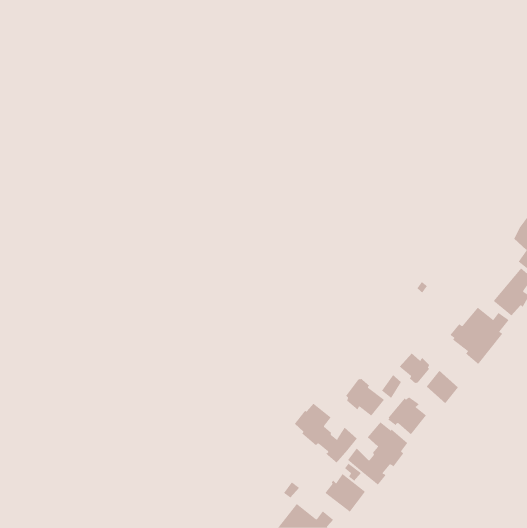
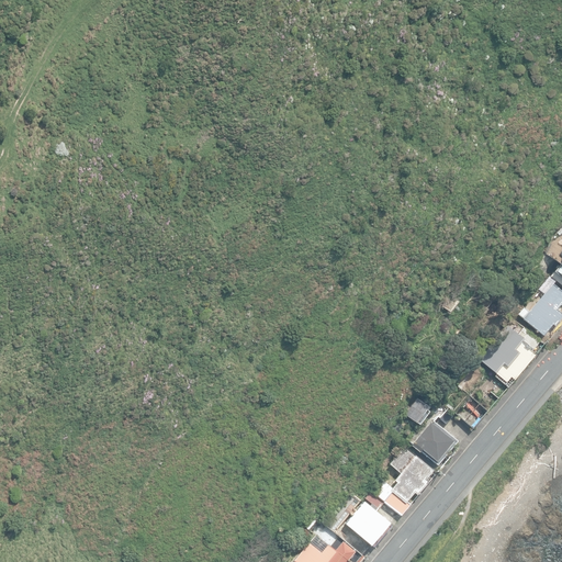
building: [399,353,430,384] -> none
building: [346,378,385,417] -> none
building: [294,403,357,464] -> none

